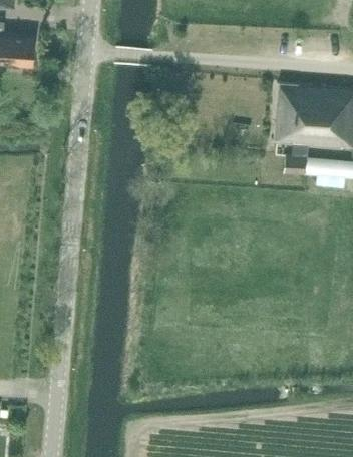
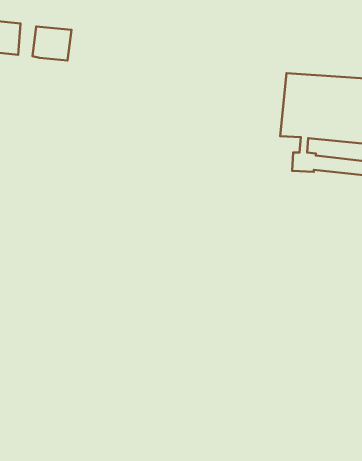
building: none -> [32,26,71,61]

